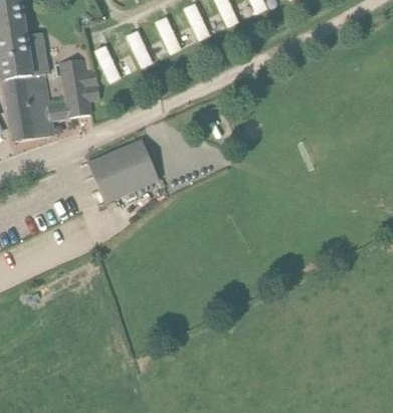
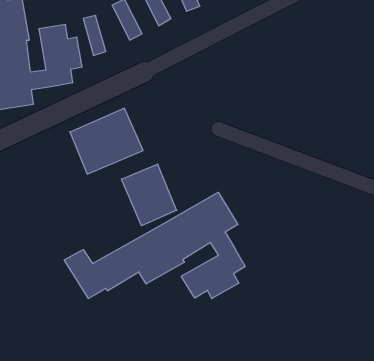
building: none -> [121,164,177,226]
building: none -> [64,192,245,299]

